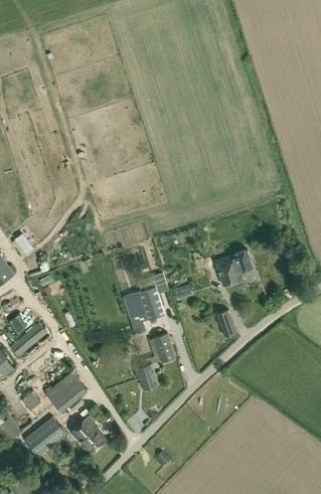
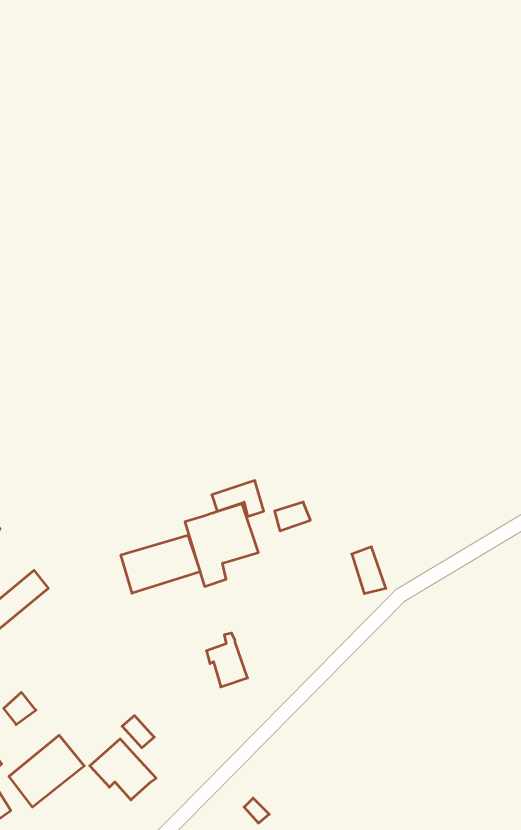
building: [215,251,253,287] -> none
building: none -> [121,535,200,593]
building: [149,334,175,364] -> none
building: [44,372,87,414] -> none

